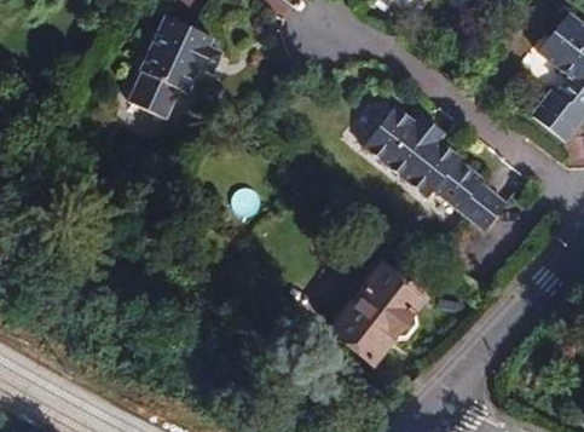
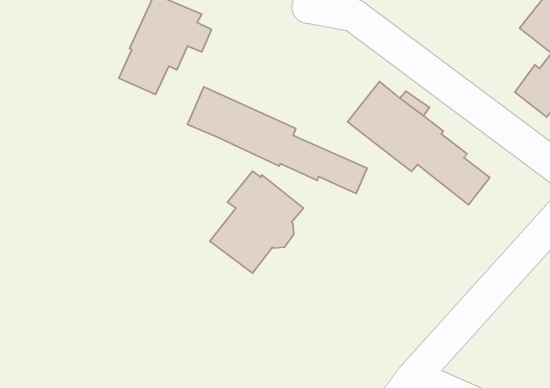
building: none -> [187,87,367,193]
building: [330,260,426,364] -> [210,171,303,273]

